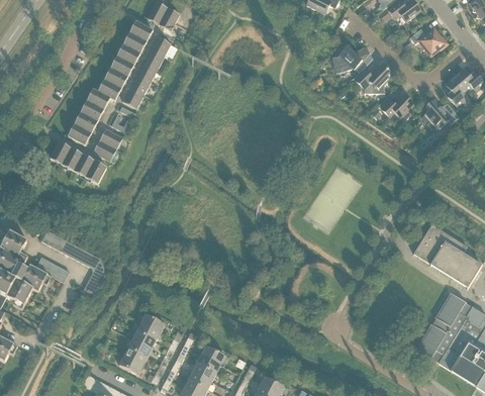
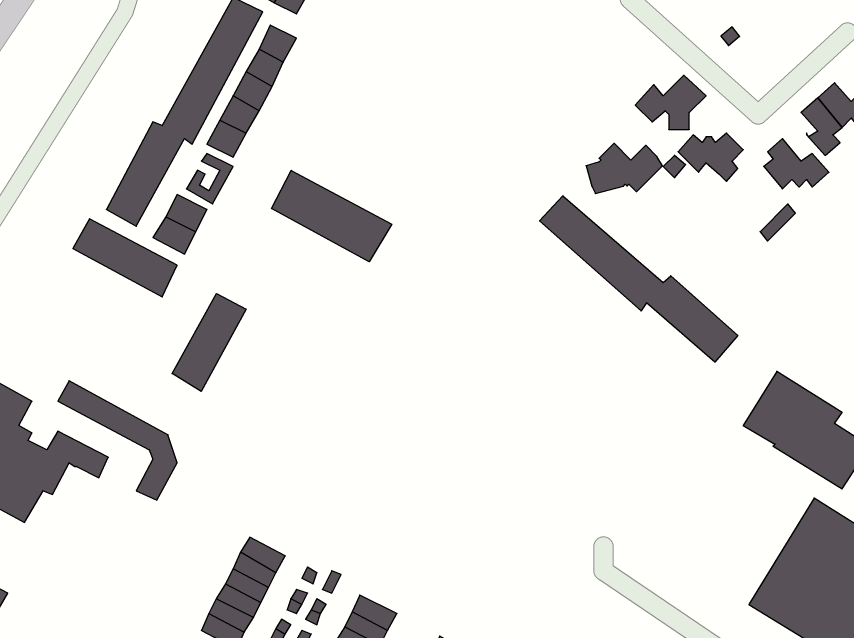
building: [409,27,448,55] -> none
building: [331,44,373,72] -> [586,143,662,194]
building: none -> [272,170,392,262]
building: none -> [540,196,738,362]
building: none -> [172,294,246,391]

